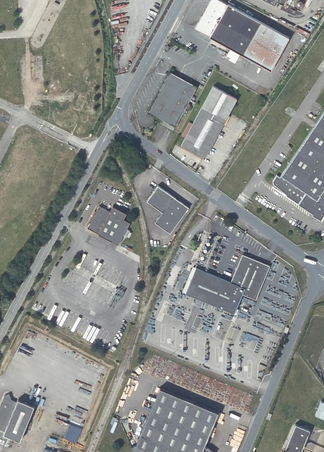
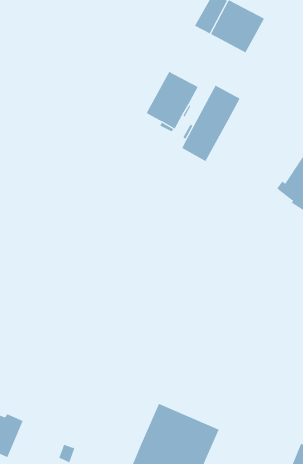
building: [243,23,289,71] -> none
building: [146,186,188,234] -> none
building: [87,207,130,246] -> none
building: [186,256,269,313] -> none

